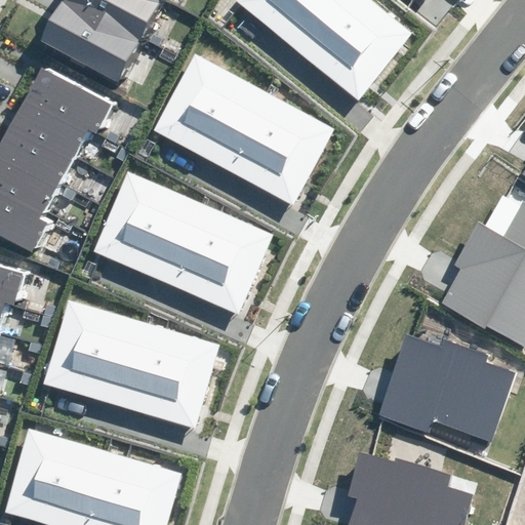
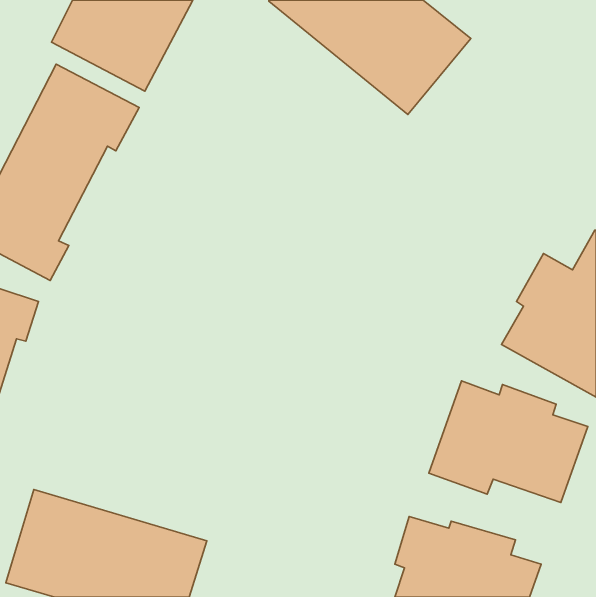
building: [152,54,333,206] -> none
building: [92,171,273,314] -> none
building: [40,302,217,428] -> none

